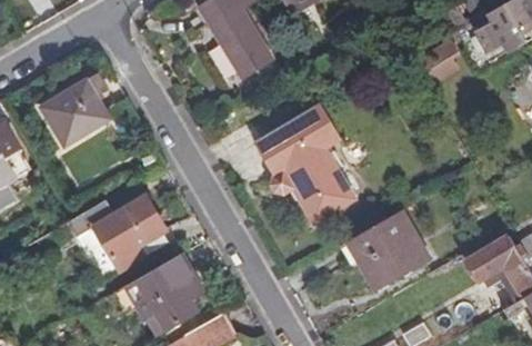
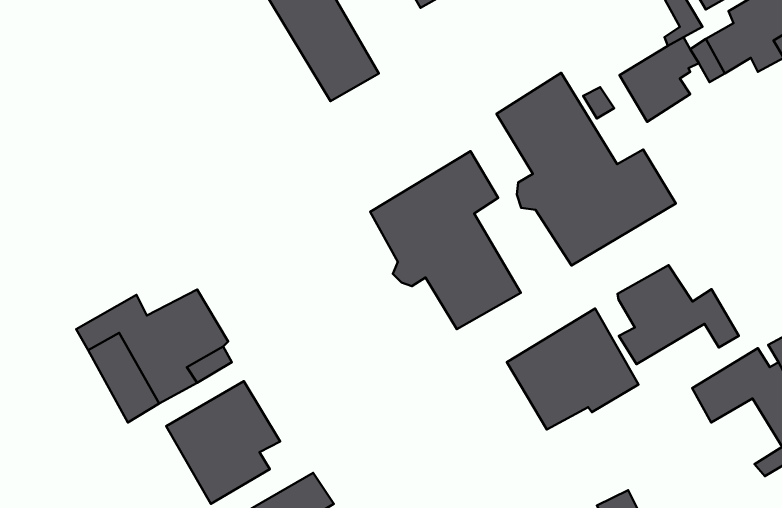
building: none -> [497,73,676,266]
building: [43,75,111,145] -> none
building: none -> [617,265,739,364]

